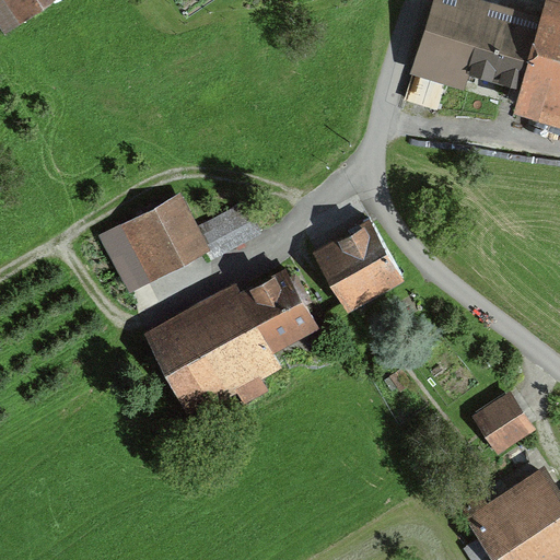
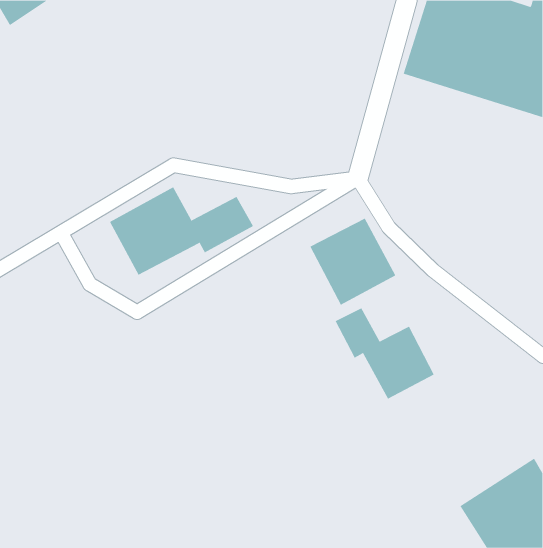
building: [142,268,315,416] -> none
building: none -> [335,307,435,400]
building: [469,390,536,456] -> none

